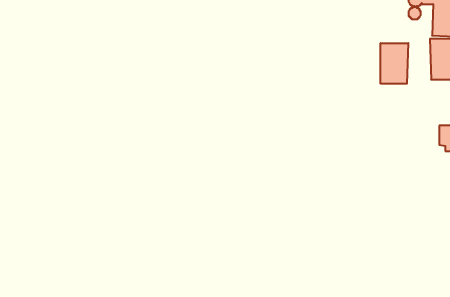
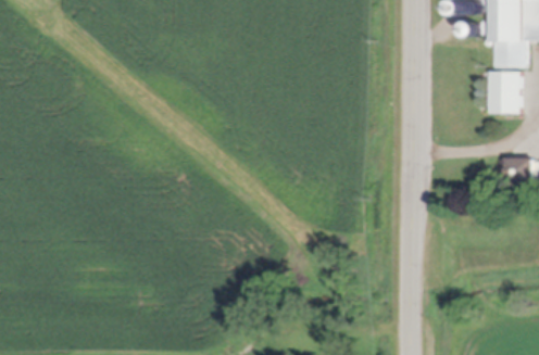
building: [381,43,408,84] -> none

